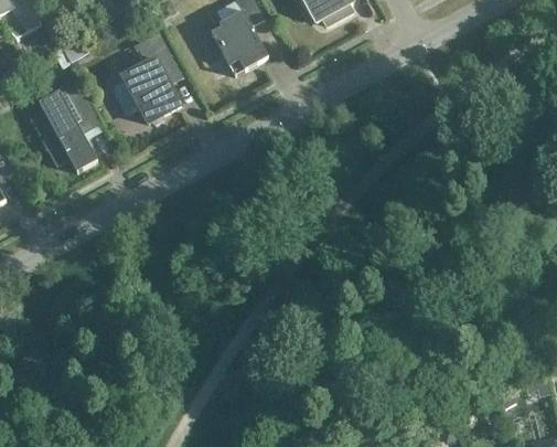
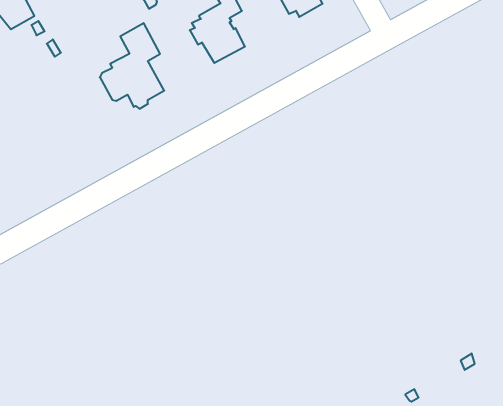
building: [38,81,101,171] -> none

